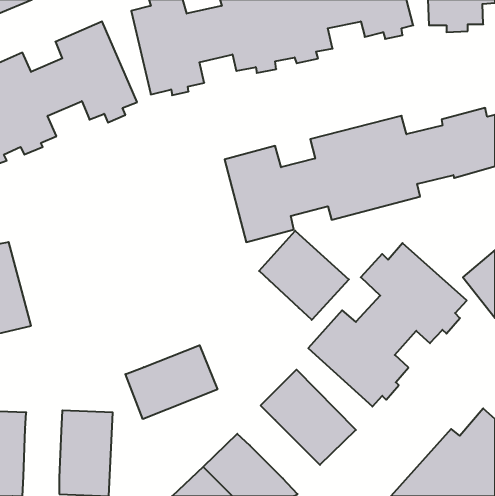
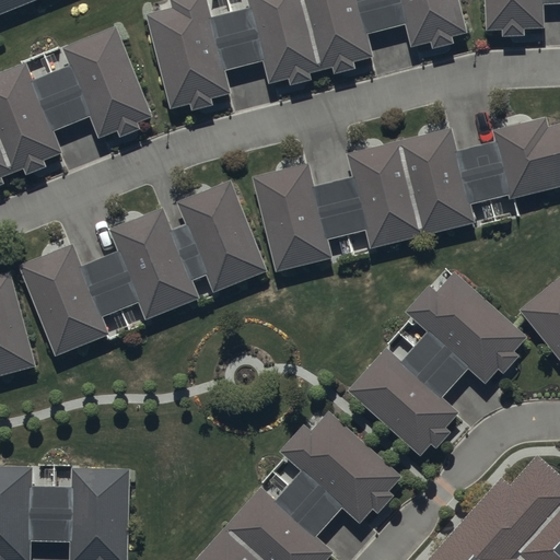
building: none -> [18,179,268,355]
building: [259,231,349,320] -> none
building: [125,345,217,419] -> none
building: none -> [281,472,347,538]
building: none -> [26,482,69,537]

